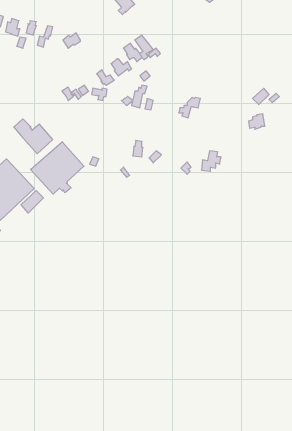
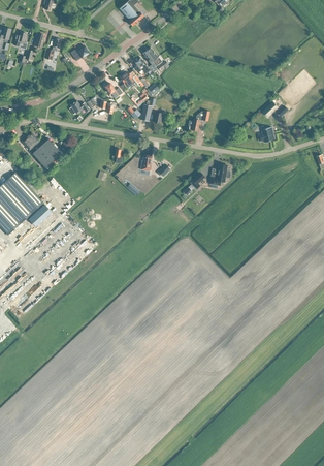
building: [31,142,84,194] -> none

